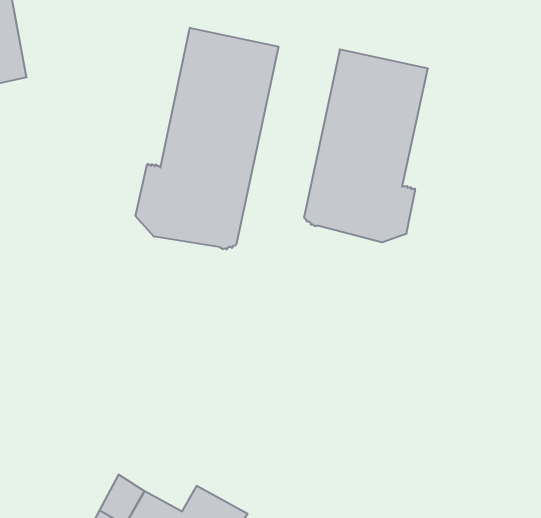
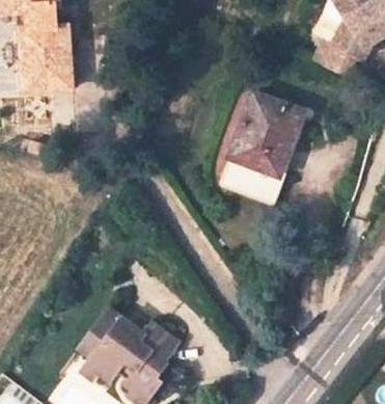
building: [136,28,279,249] -> none

